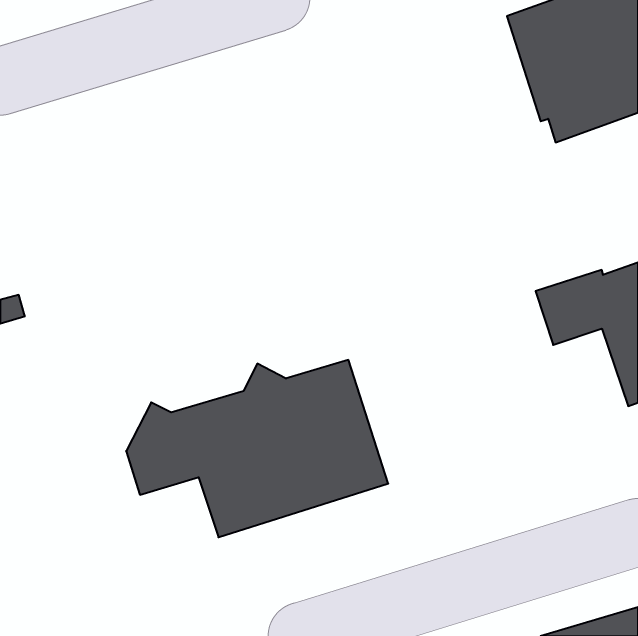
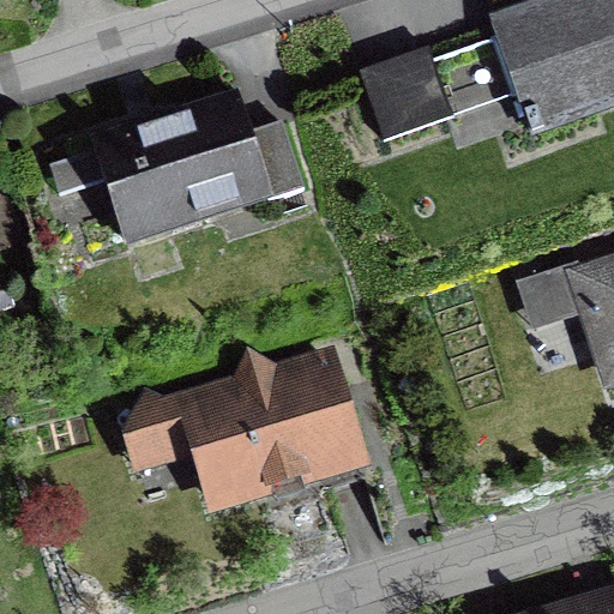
building: none -> [360,46,452,138]
building: none -> [50,86,305,246]

